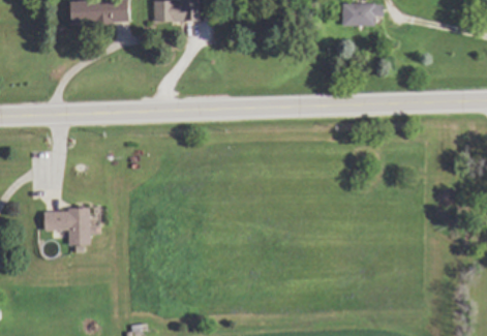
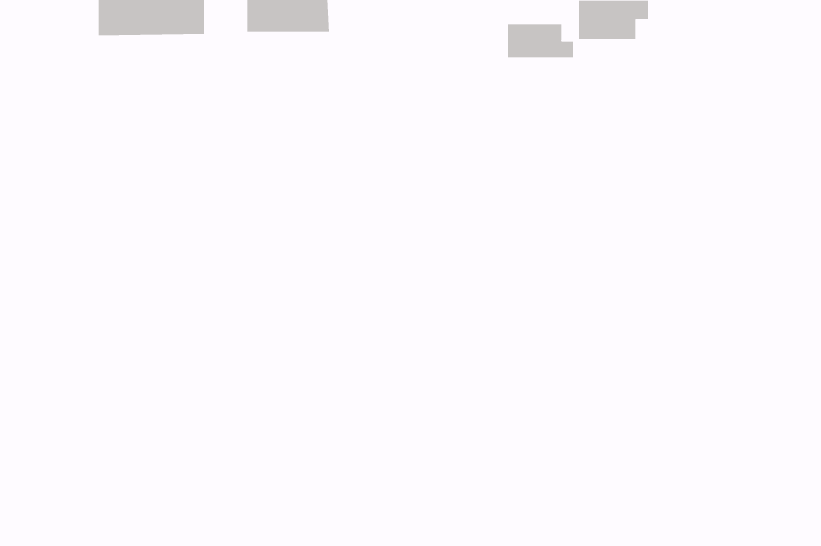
building: none -> [508,23,574,58]
building: [44,209,91,245] -> none

